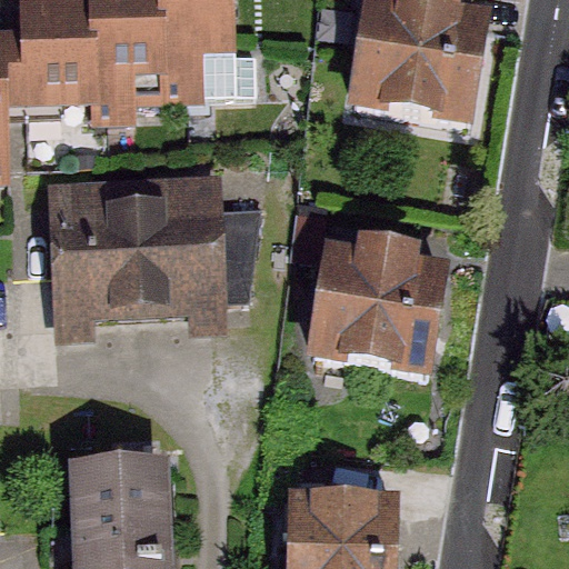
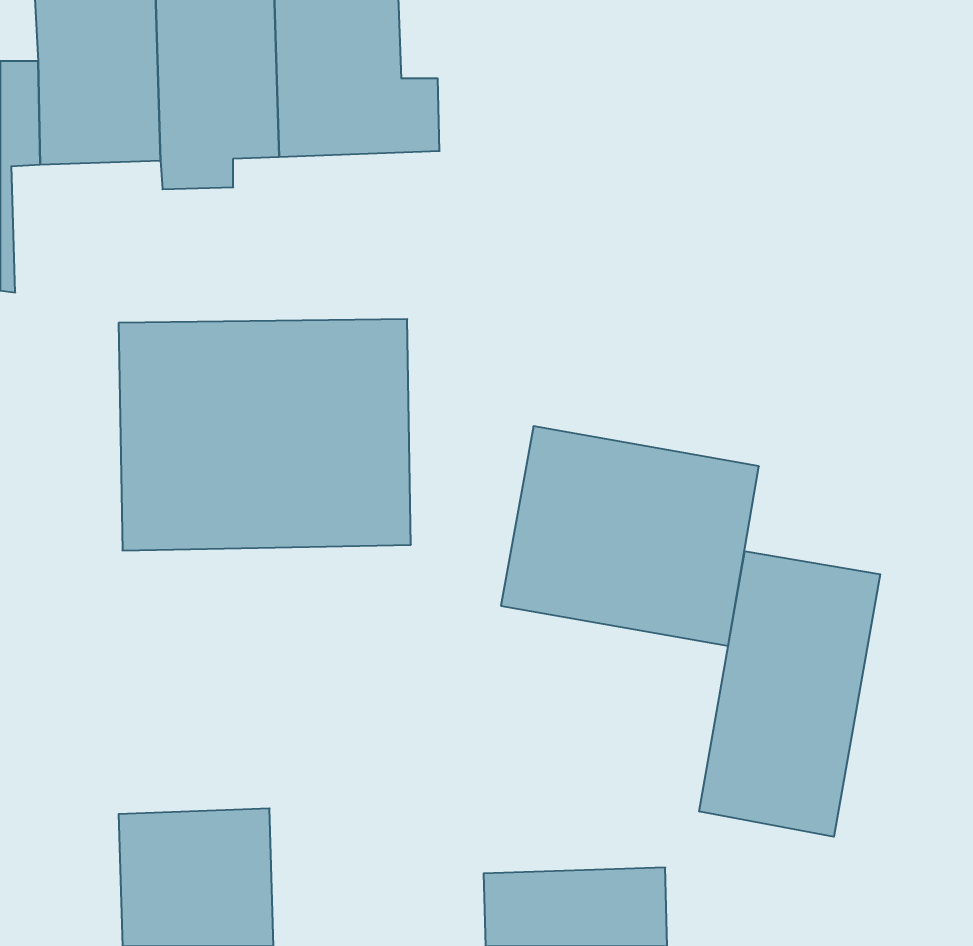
building: [342,4,487,127] -> none
building: none -> [699,551,880,837]

